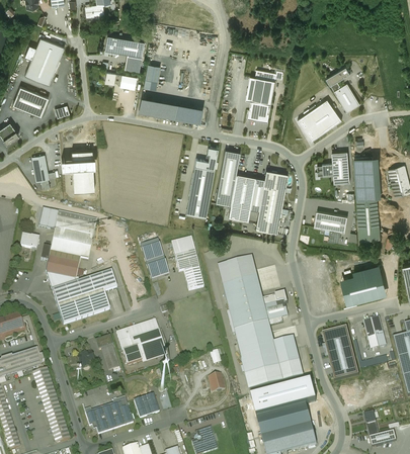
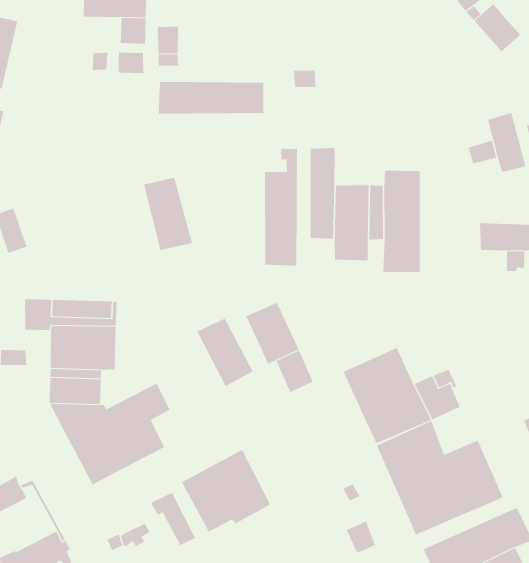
building: [248,71,279,122] -> none
building: [298,101,341,143] -> none
building: [73,153,96,194] -> [143,177,193,250]
building: [218,258,256,284] -> none

